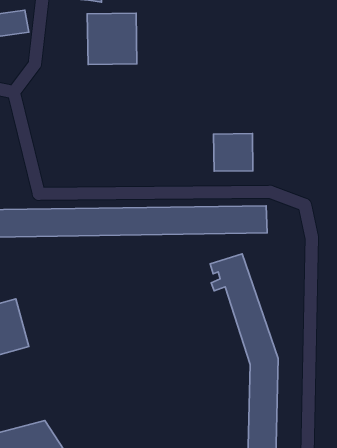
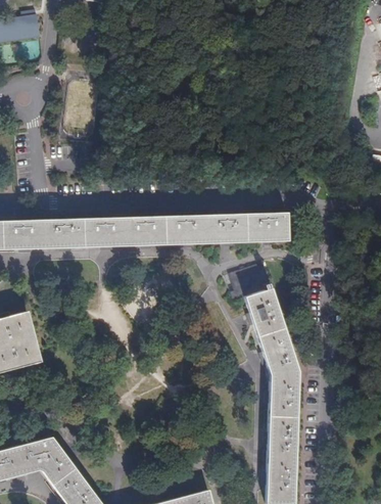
building: [87,13,137,65] -> none
building: [214,134,253,171] -> none

